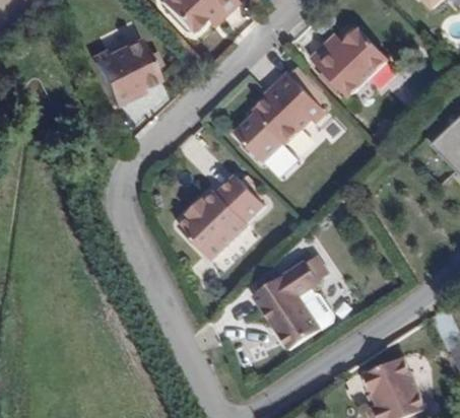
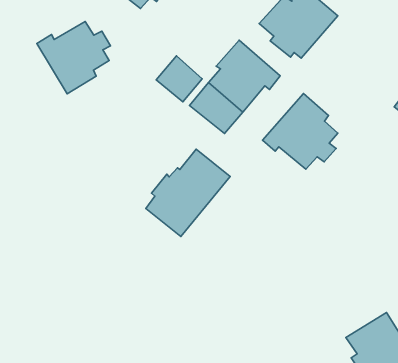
building: none -> [156,56,202,102]
building: none -> [263,93,338,169]
building: [254,256,330,348] -> none

